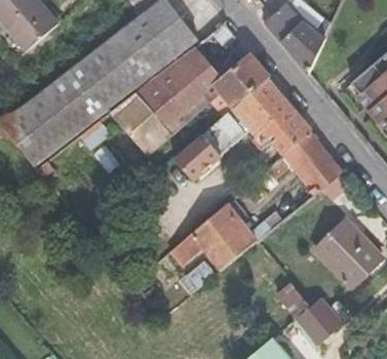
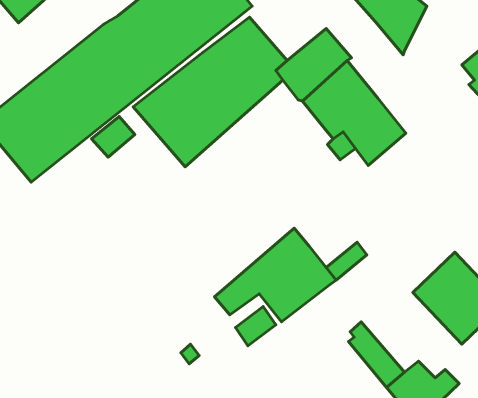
building: [173,108,251,182] -> none
building: [282,131,342,195] -> none

